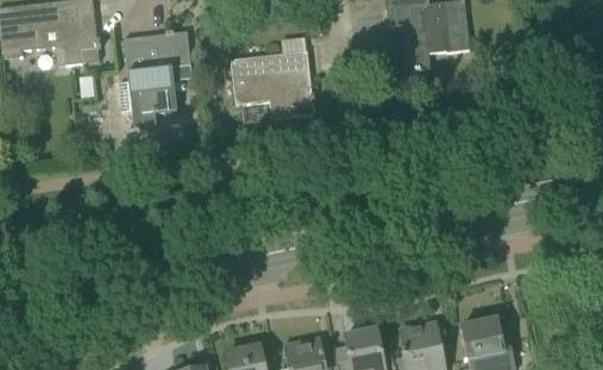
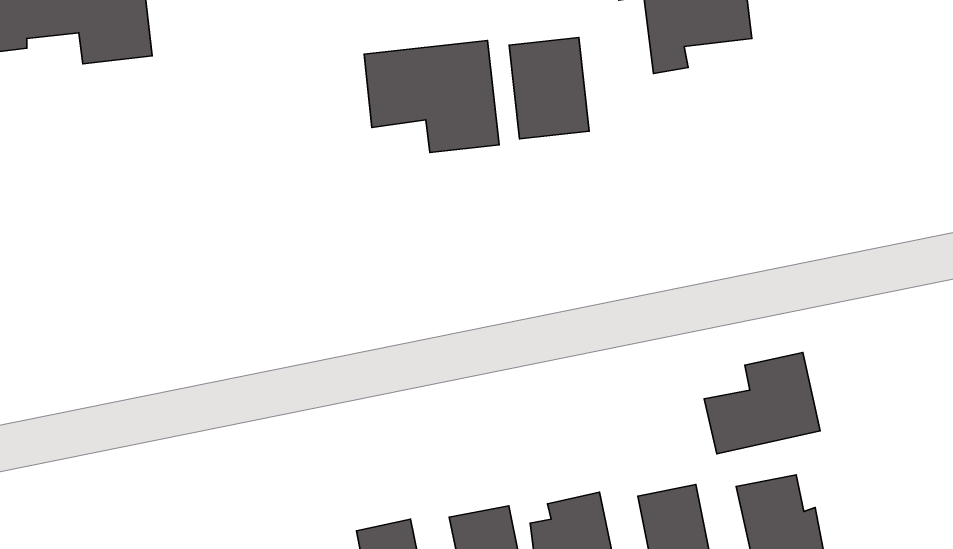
building: [120,31,191,127] -> none
building: none -> [509,37,589,139]
building: none -> [704,352,820,454]

